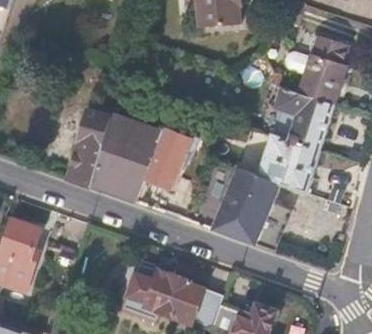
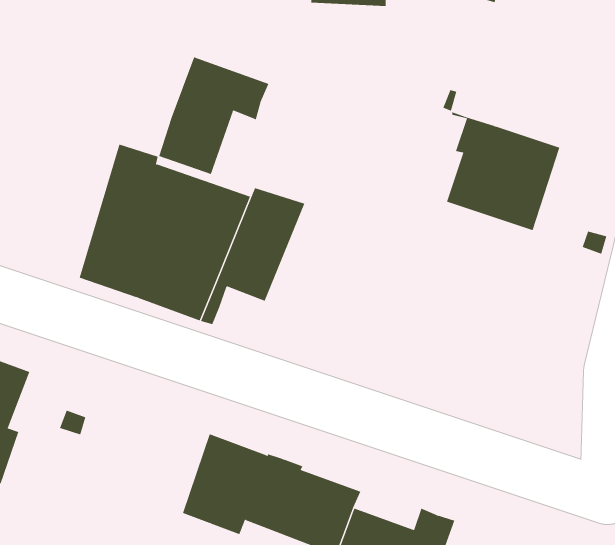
building: [298,35,348,105] -> none
building: none -> [159,56,269,175]
building: [211,135,319,251] -> none

